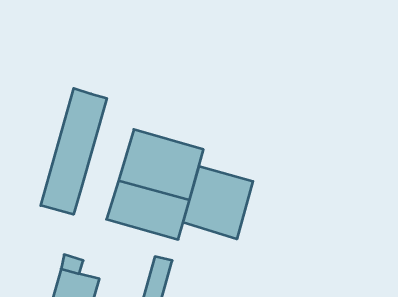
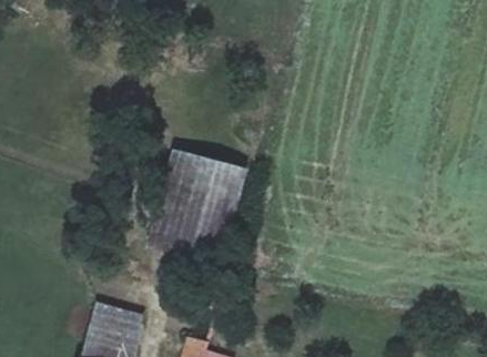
building: [41,88,107,214] -> none
building: [183,166,253,239] -> none

